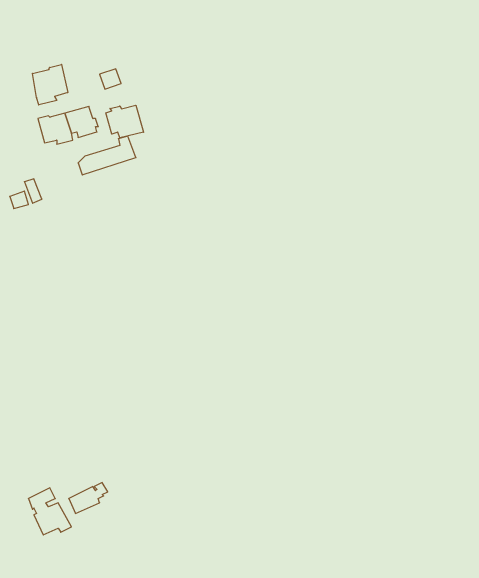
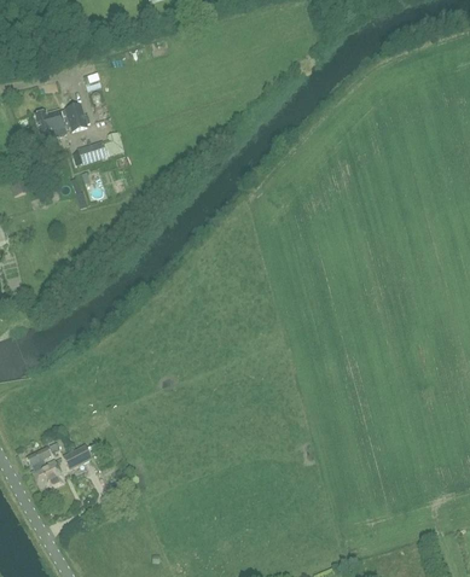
building: [32,64,68,105] -> none
building: [106,105,144,138] -> none

